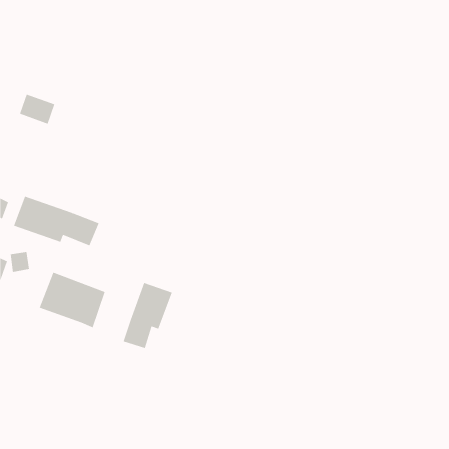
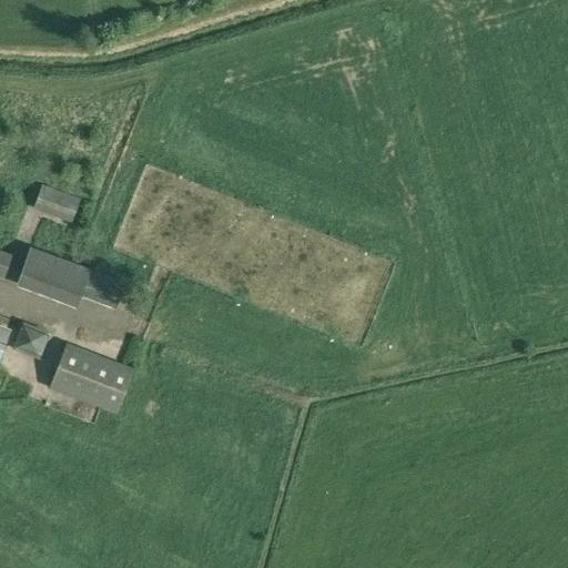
building: [19,94,55,125] -> [33,185,79,224]
building: [123,282,173,349] -> none

